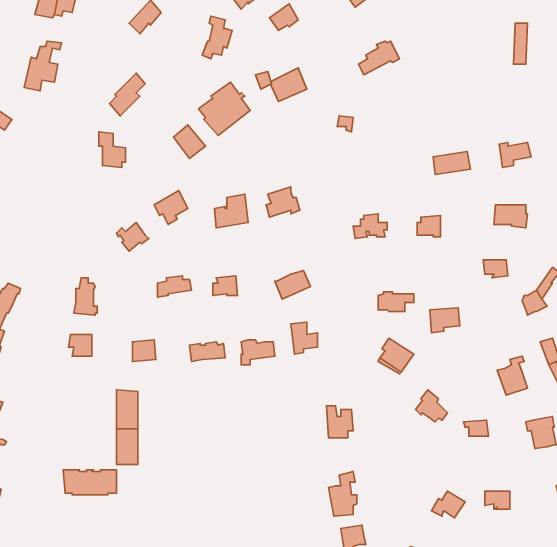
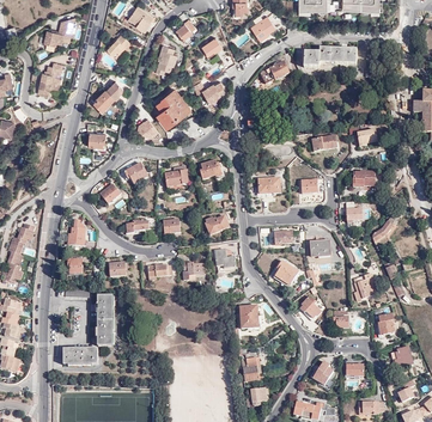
building: none -> [303,48,355,78]

